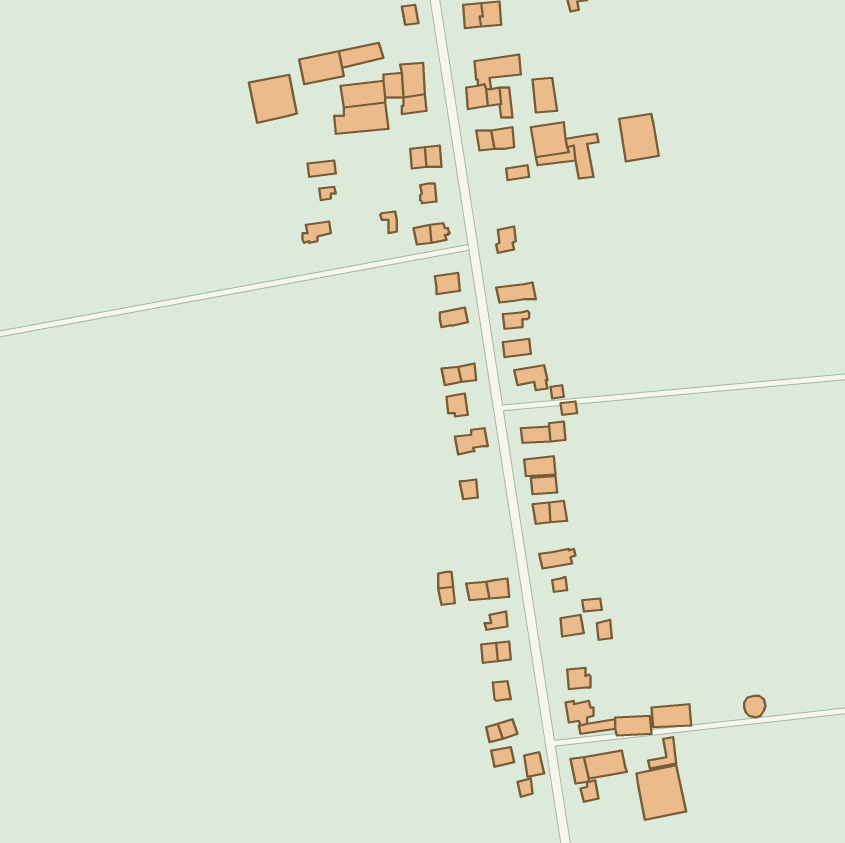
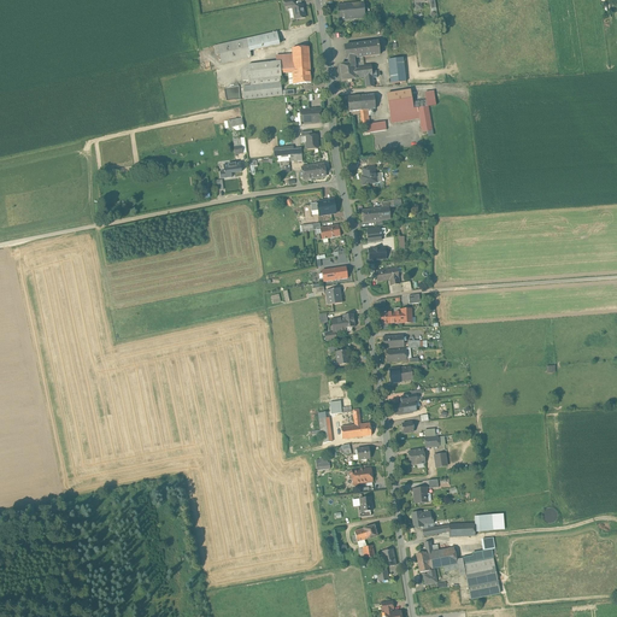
building: [249,75,297,123] -> none
building: [619,114,659,161] -> none

